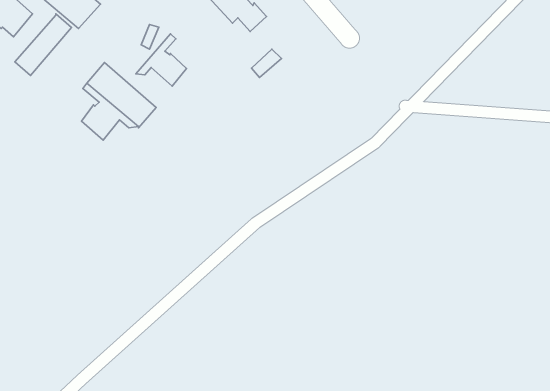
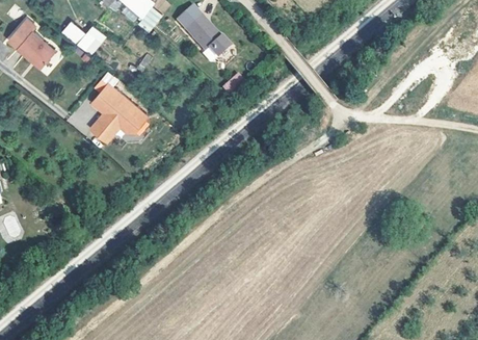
building: [15,14,72,75] -> none
building: [136,34,186,86] -> none

